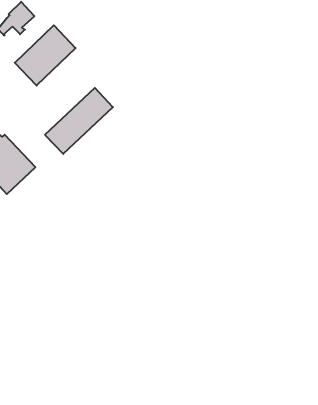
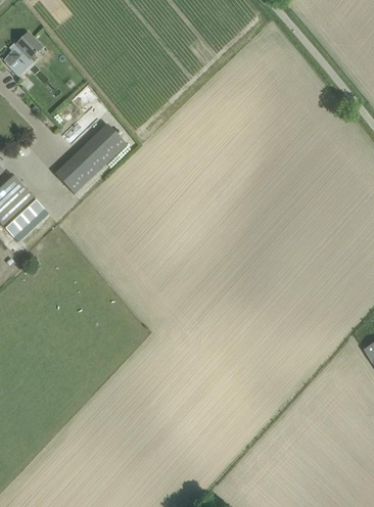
building: [15,25,76,86] -> none

